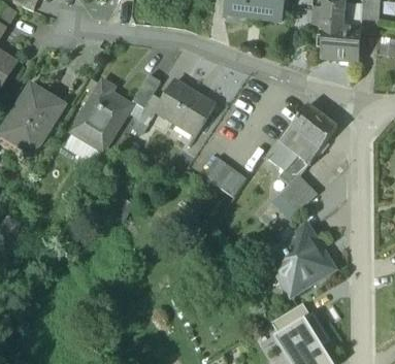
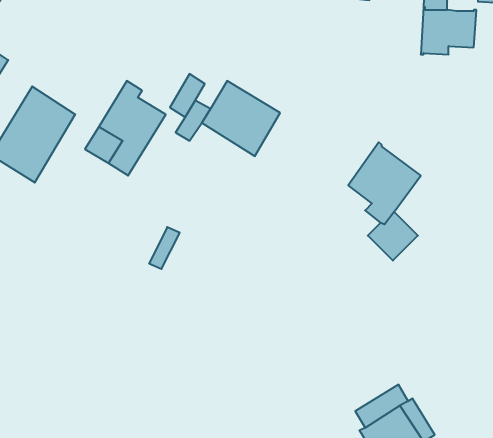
building: [291,103,337,148] -> none
building: [200,155,248,195] -> none
building: [269,222,332,295] -> none

